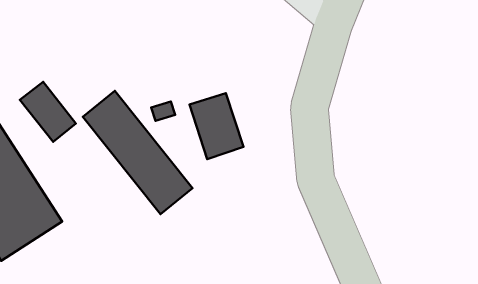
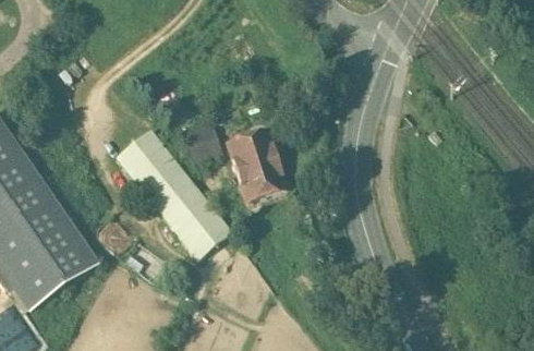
building: [20,82,76,142] -> none

